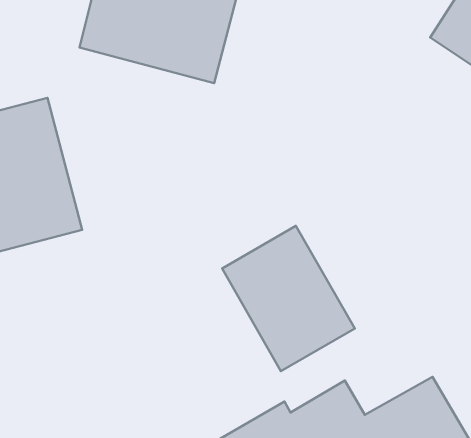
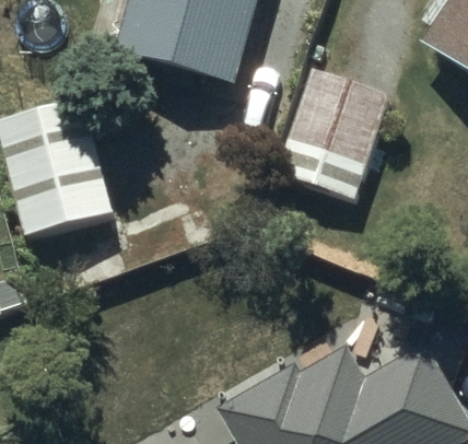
building: none -> [273,66,388,196]
building: [222,226,355,371] -> none

